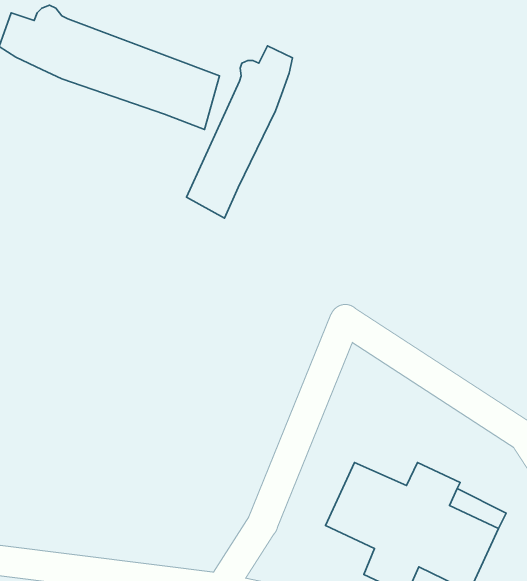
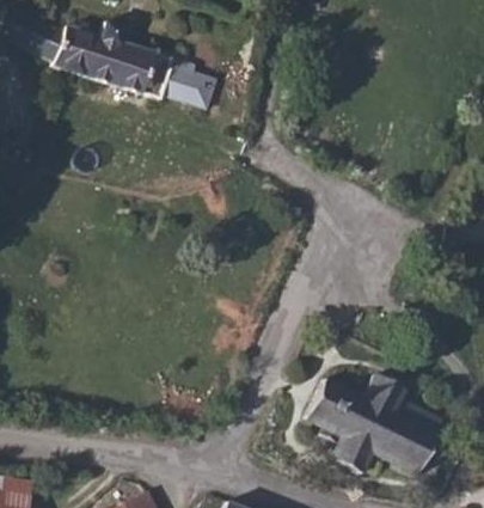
building: [187,46,293,218] -> none

